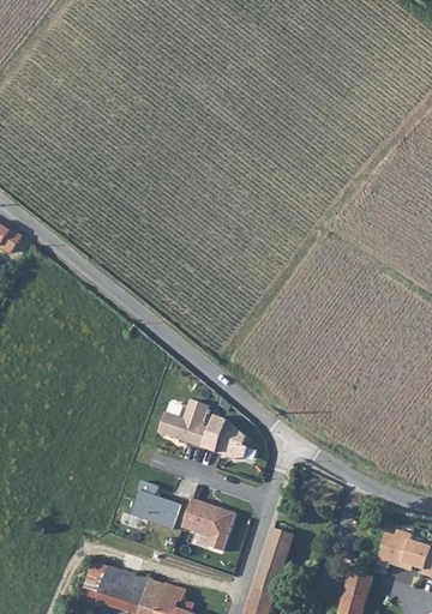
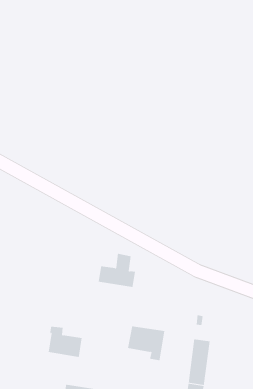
building: [204,415,248,458] -> none
building: [132,481,181,529] -> [48,326,82,358]

